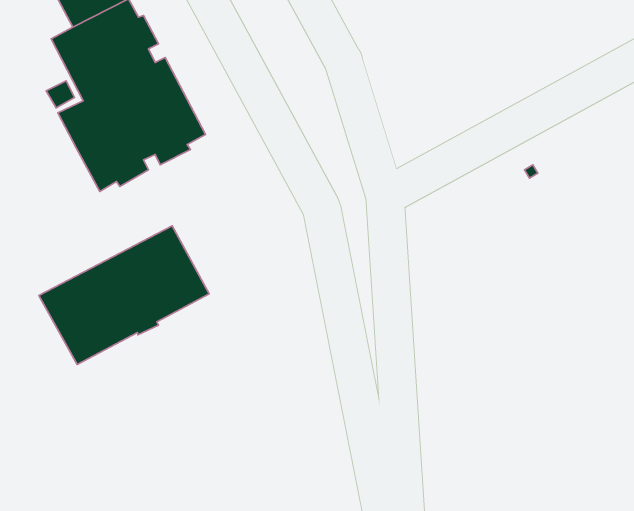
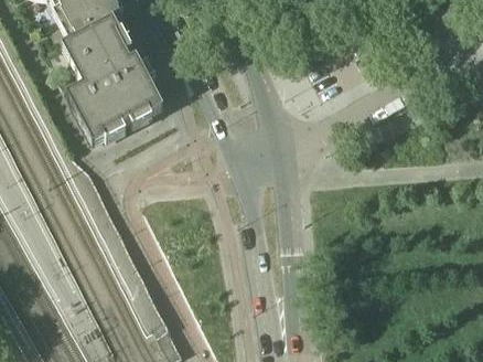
building: [39,226,209,365] -> none

